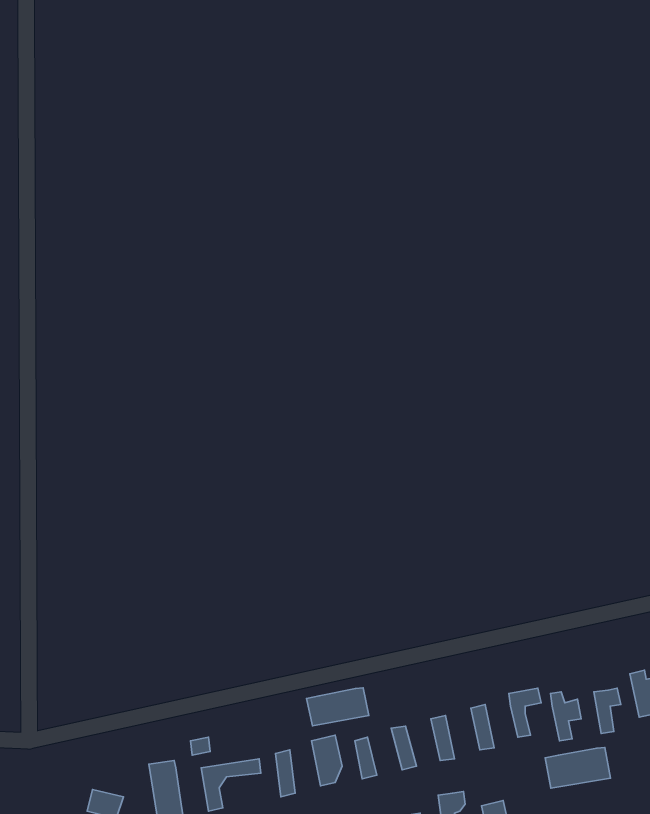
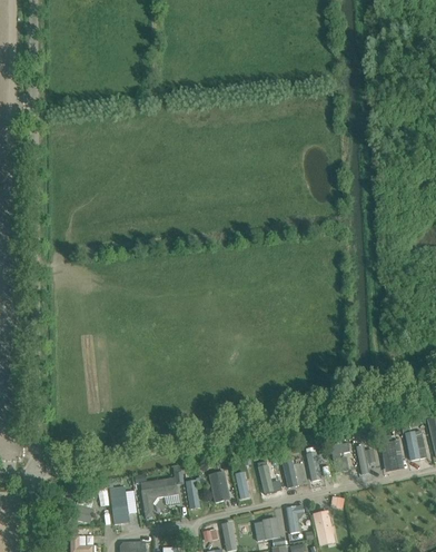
building: [307,688,369,726] -> none
building: [545,748,610,788] -> none

